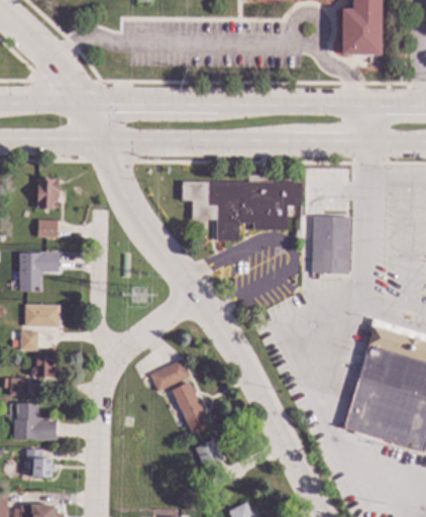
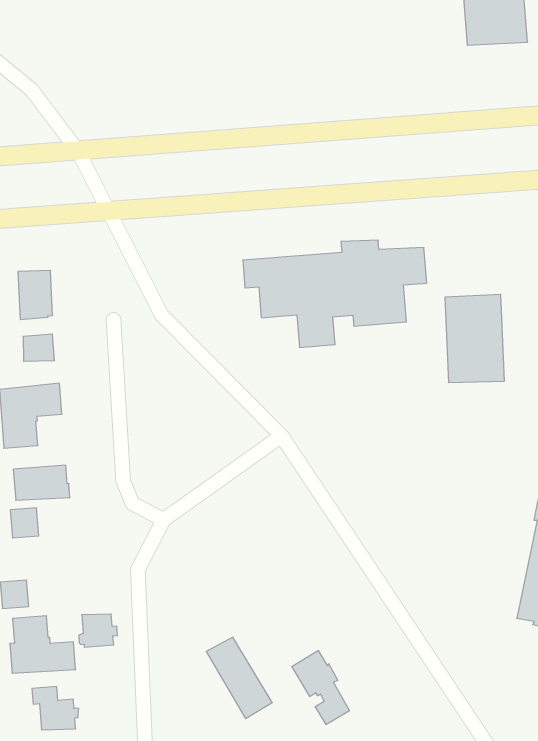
building: [31,356,57,378] -> [79,614,118,647]
building: [149,359,189,391] -> none
building: [171,382,211,435] -> [206,637,272,719]

